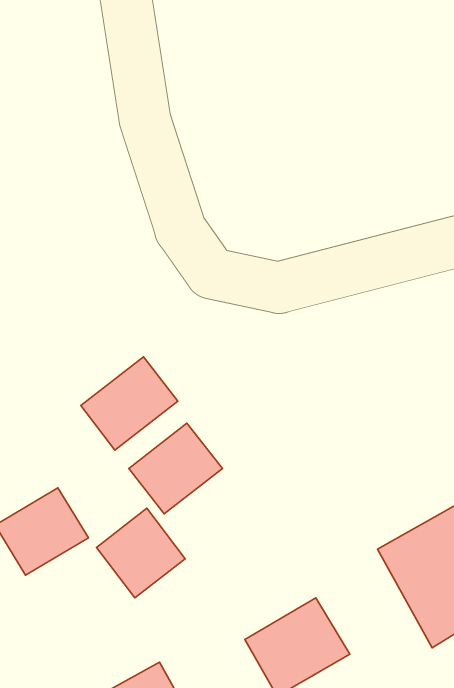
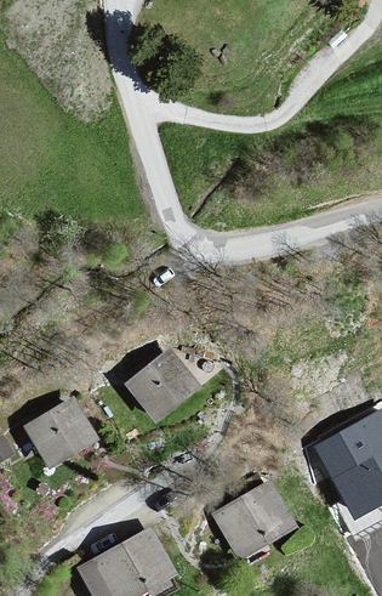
building: [81,357,178,450] -> none
building: [96,508,185,598] -> none

